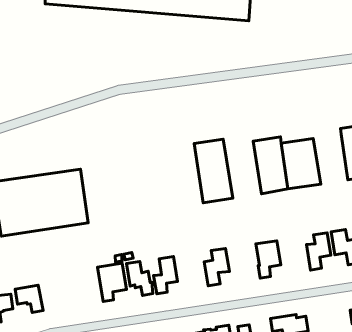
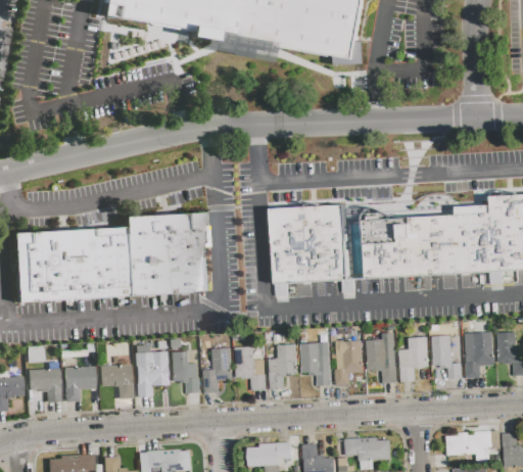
building: none -> [420,215,459,275]
building: none -> [306,204,348,282]
building: none -> [123,211,207,295]
building: none -> [366,339,396,384]
building: none -> [300,342,331,386]
building: none -> [235,346,266,390]
building: none -> [98,364,132,398]
building: none -> [62,365,94,400]

